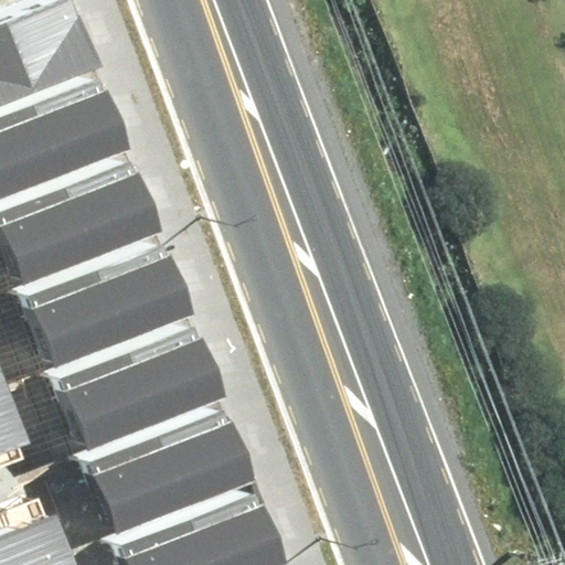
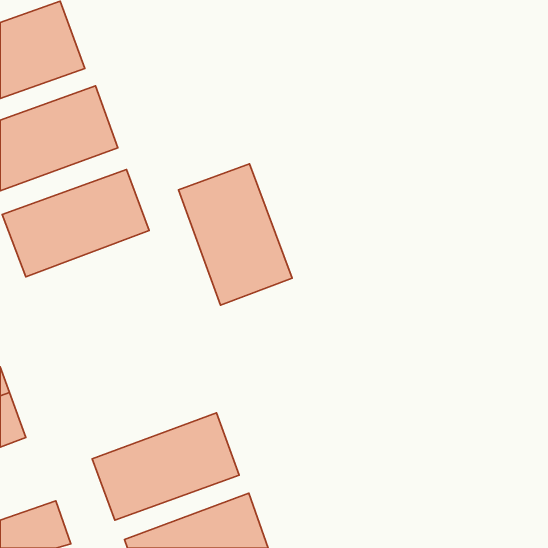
building: none -> [179,164,292,305]
building: [34,258,185,369] -> none
building: [61,341,212,451] -> none

